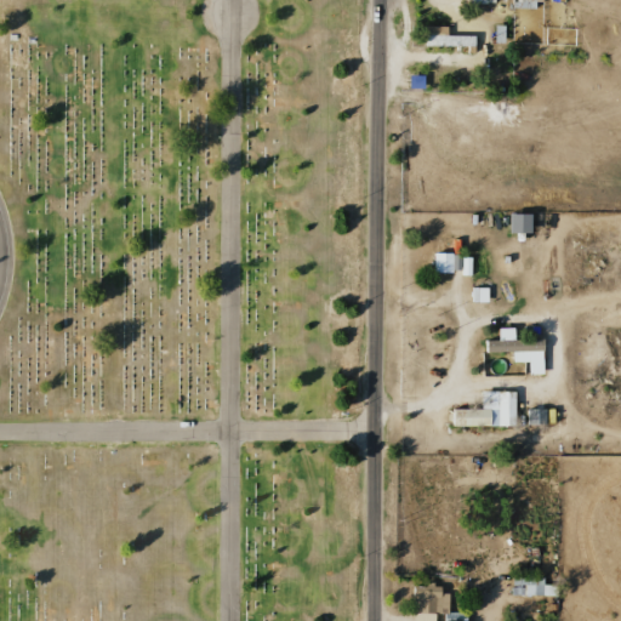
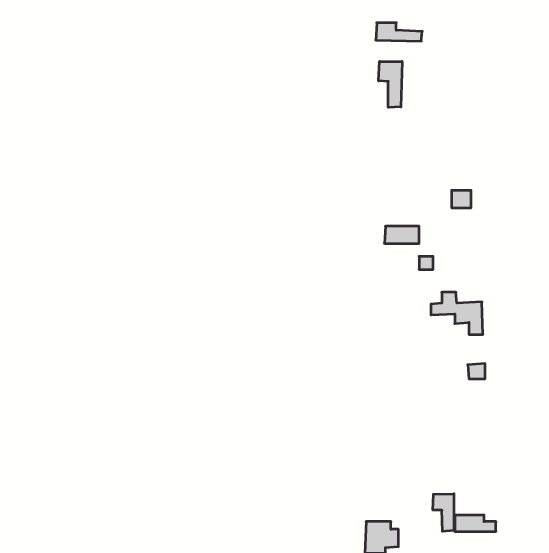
building: none -> [379,61,402,107]
building: [454,391,518,426] -> none
building: none -> [433,494,454,531]

